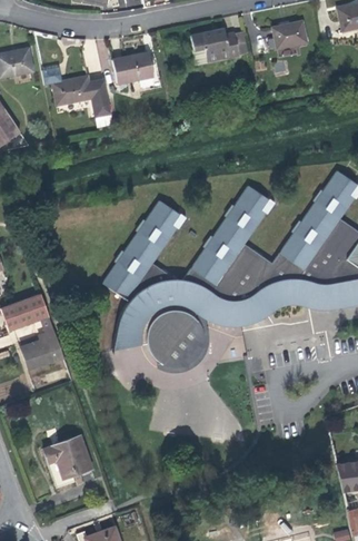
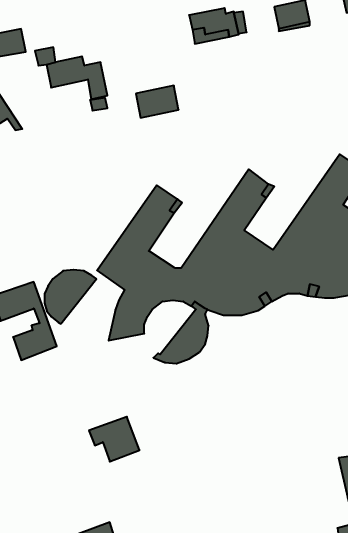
building: [112,52,153,83] -> [136,86,179,118]
building: [147,312,197,364] -> [45,270,96,324]
building: [42,435,91,479] -> [89,417,140,462]

